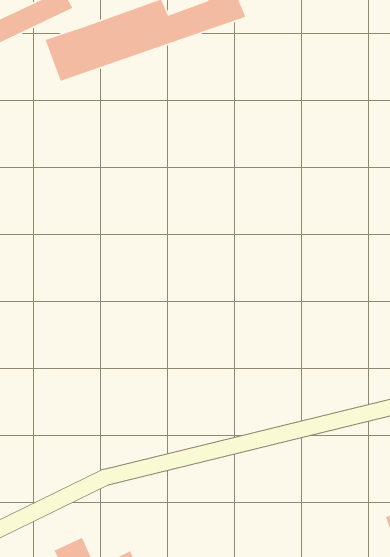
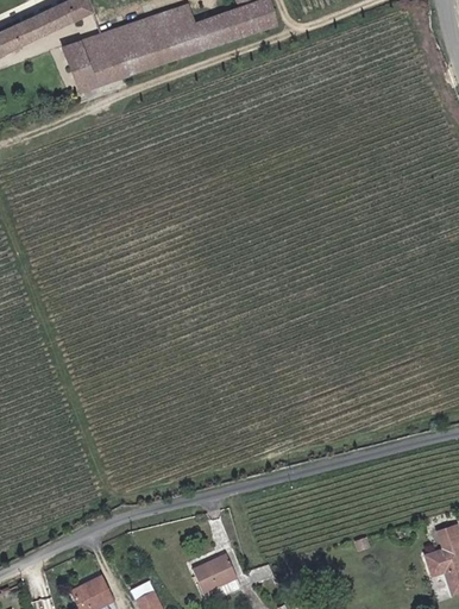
building: none -> [191,554,235,591]

